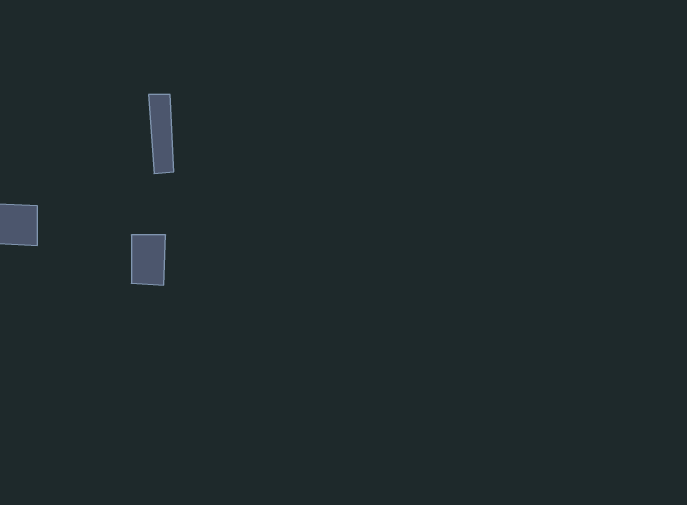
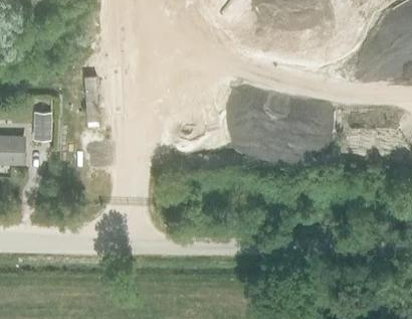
building: [131,235,166,285] -> [33,114,52,142]

